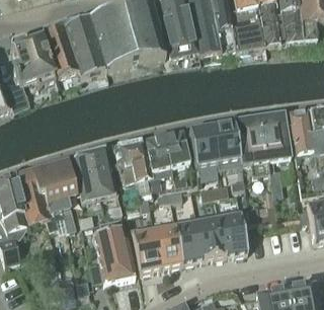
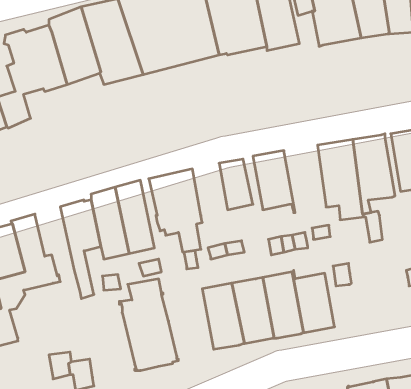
building: [211,121,241,169] -> none
building: [145,134,170,171] -> none
building: [31,165,60,230] -> none
building: [130,224,160,272] -> none

